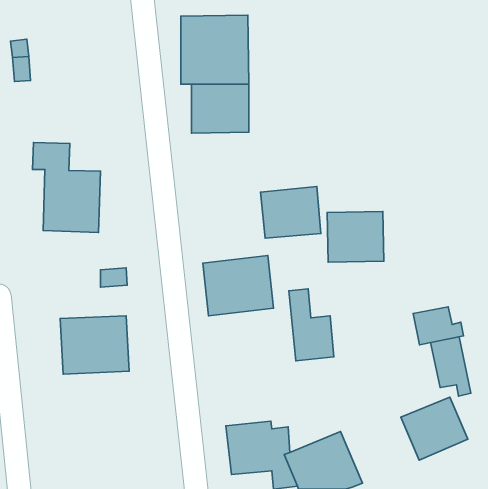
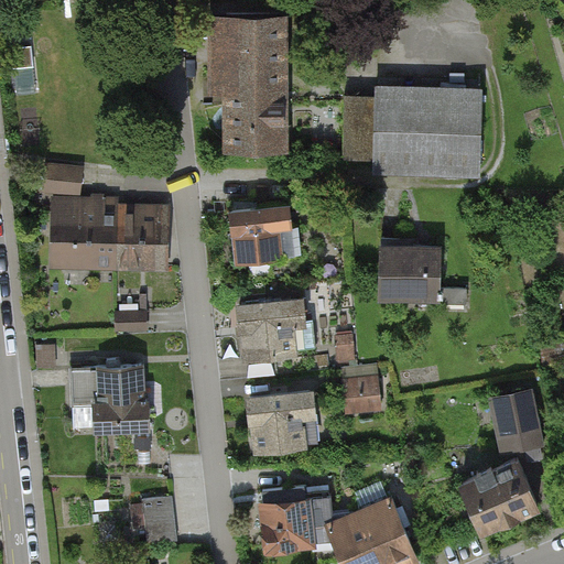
building: none -> [341,89,481,177]
building: none -> [113,197,169,270]
building: [261,187,321,238] -> [227,205,296,264]
building: [413,307,463,345] -> none
building: none -> [246,389,319,457]
building: none -> [143,495,177,542]

